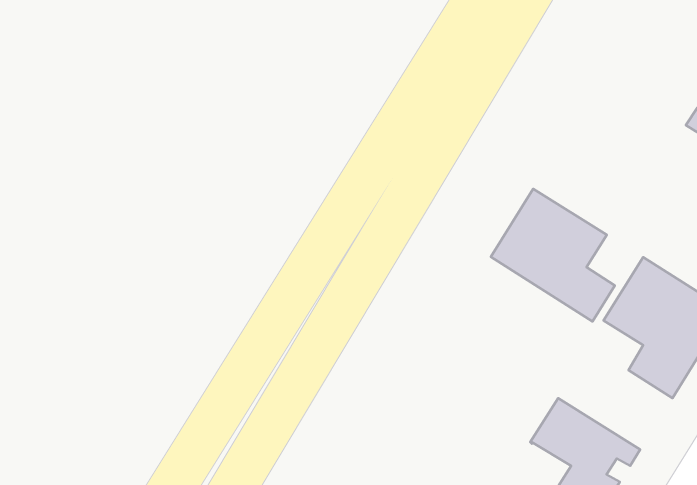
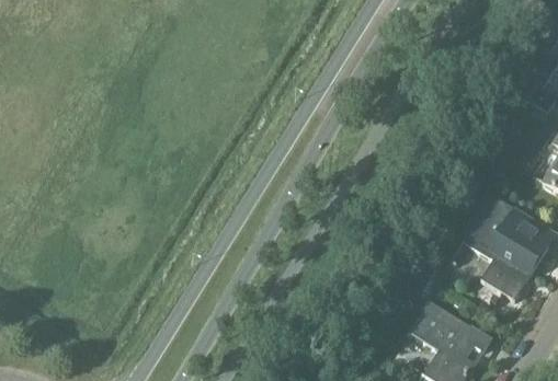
building: [491,189,615,322] -> none

